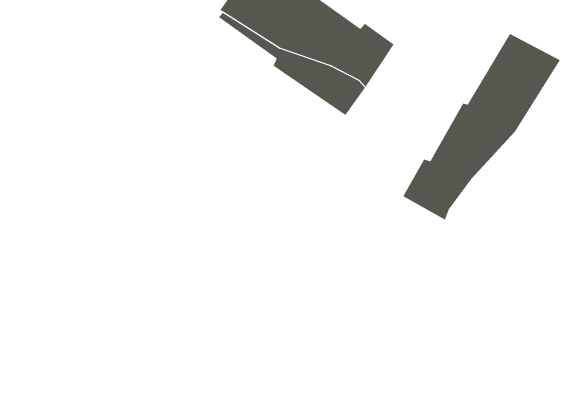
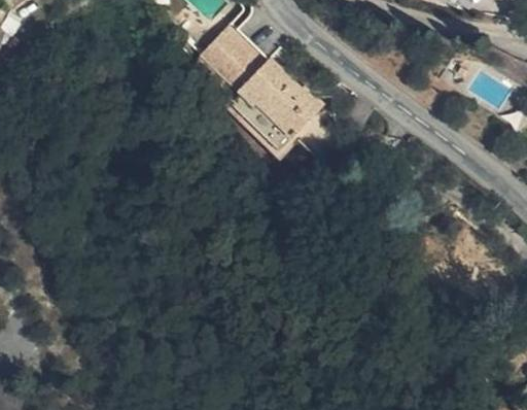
building: [402,33,560,221] -> none

